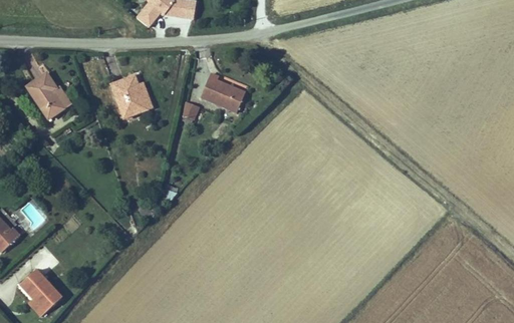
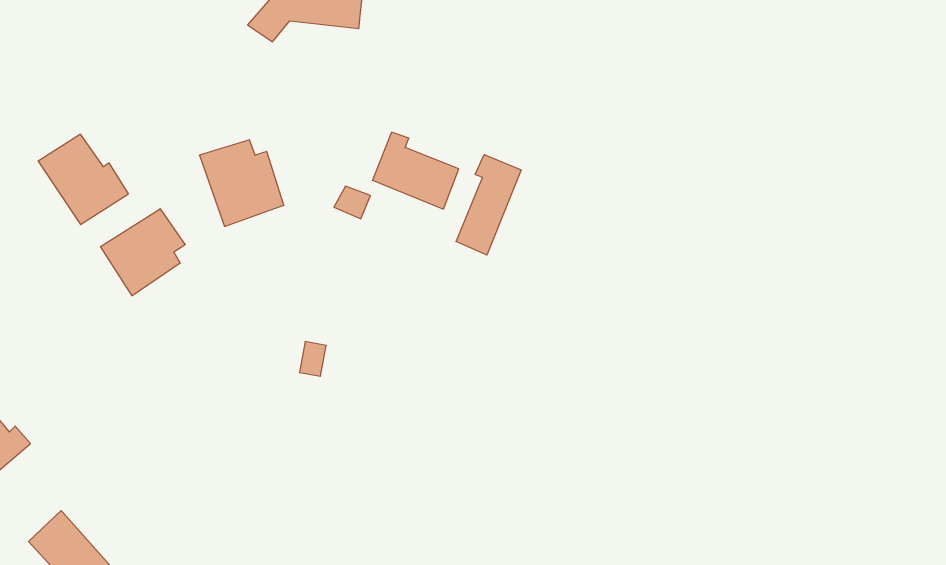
building: none -> [456,155,521,255]
building: none -> [101,209,185,296]

